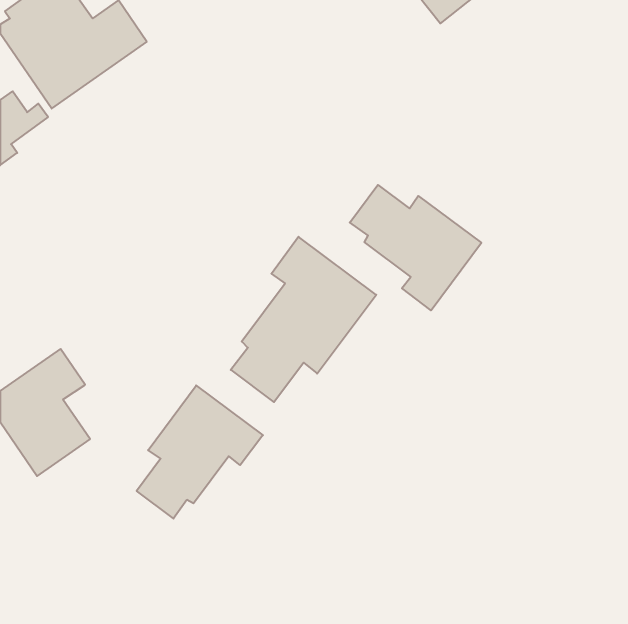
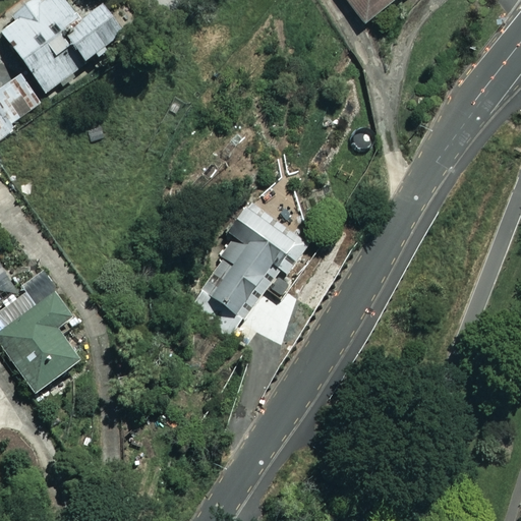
building: [350,185,481,310] -> none
building: [137,385,263,519] -> none

